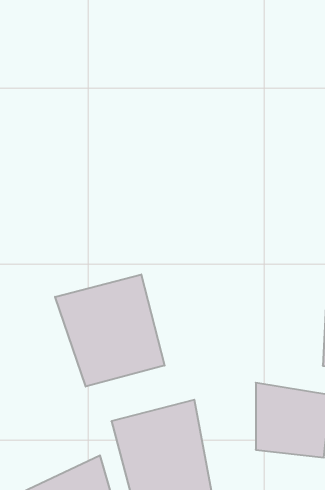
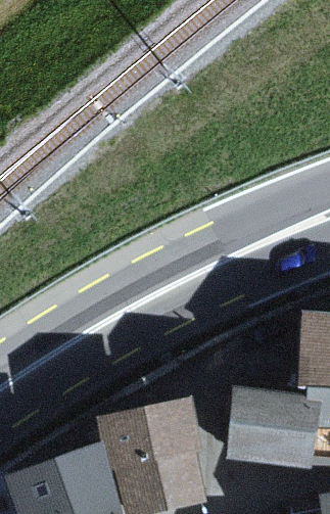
building: [55,274,165,387] -> none

